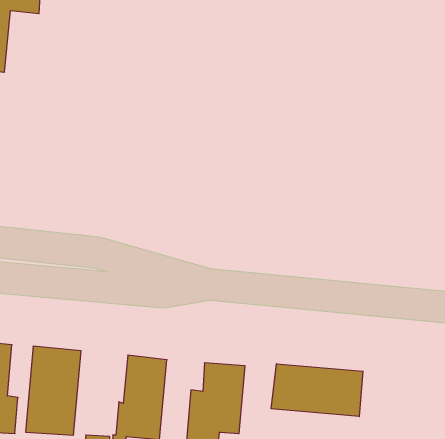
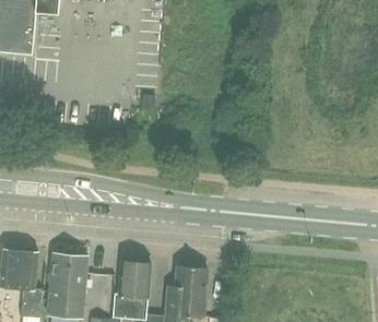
building: [271,364,363,417] -> none

